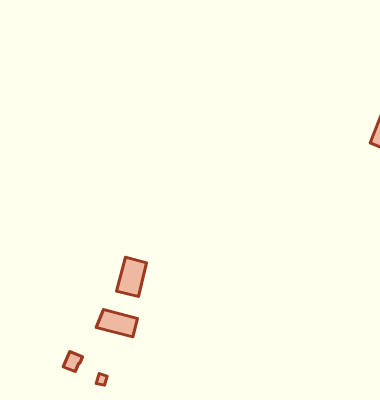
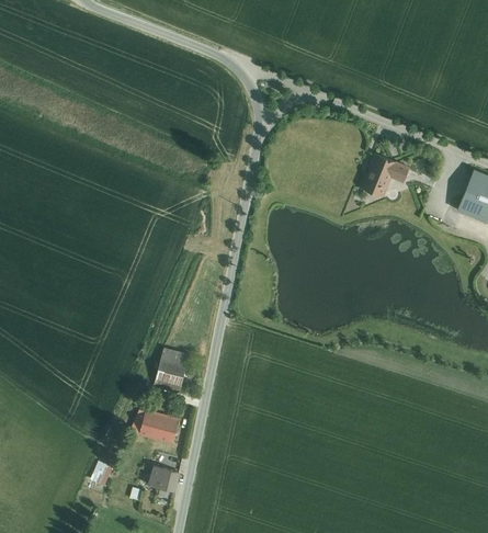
building: none -> [364,154,409,197]
building: none -> [148,466,179,498]

